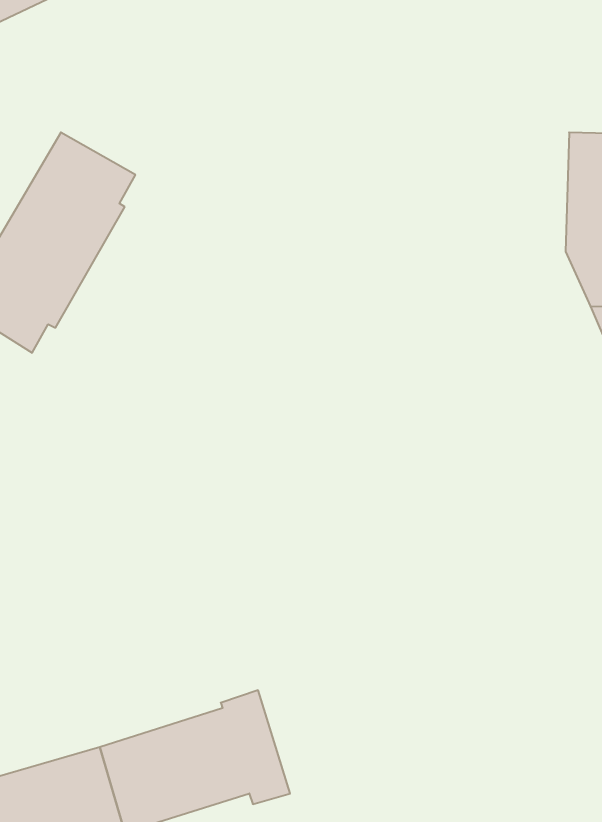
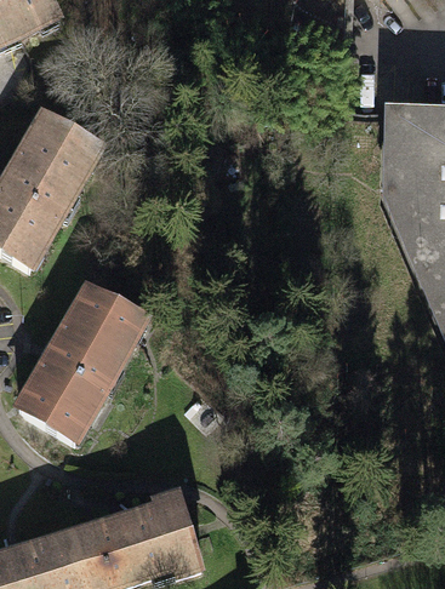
building: none -> [18,284,141,434]

